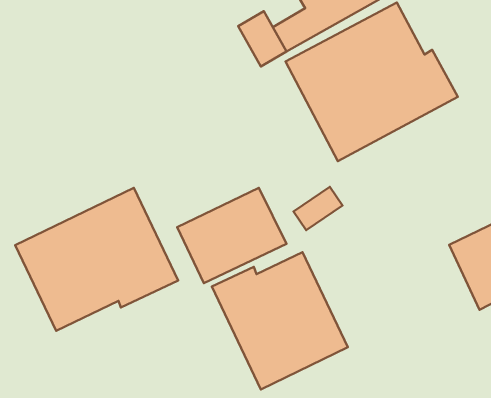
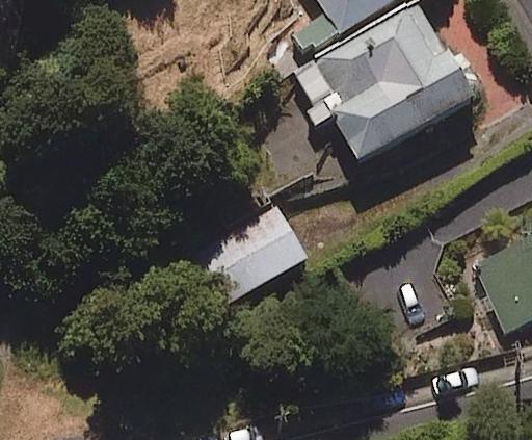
building: [15,188,178,331] -> none
building: [212,252,348,389] -> none

